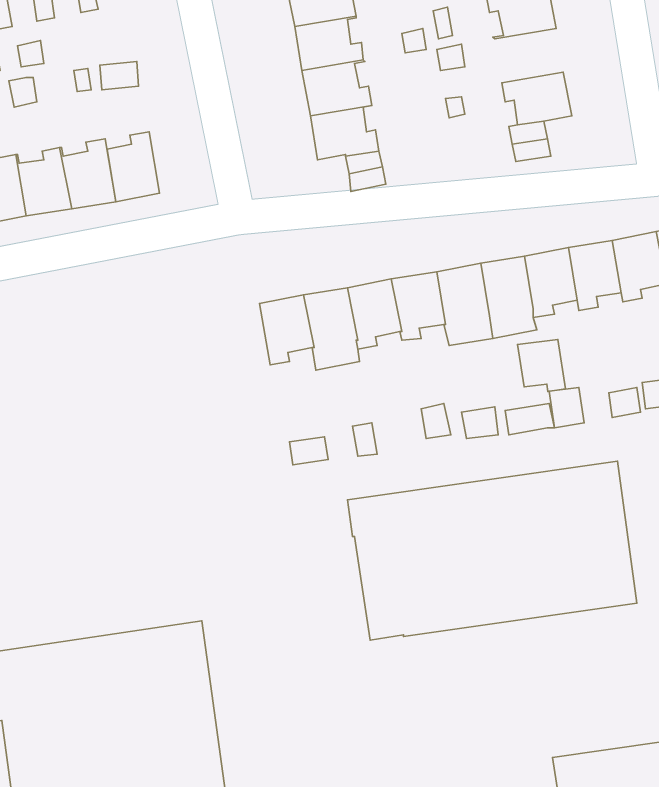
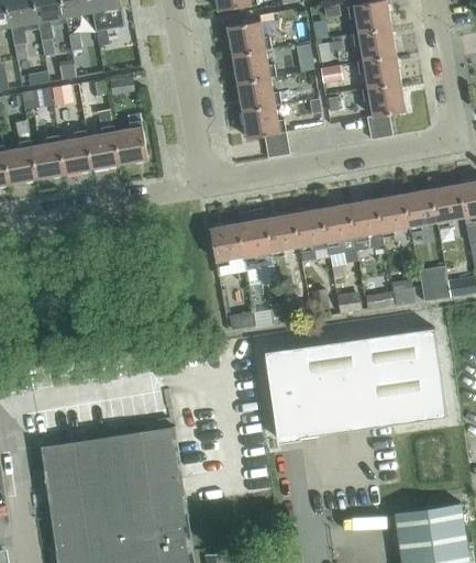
building: none -> [357,55,400,89]
building: [518,339,565,391] -> none

